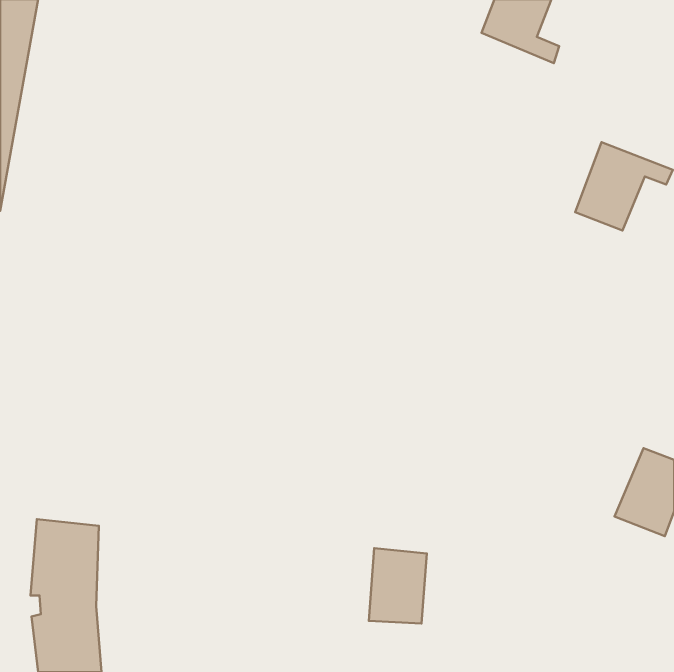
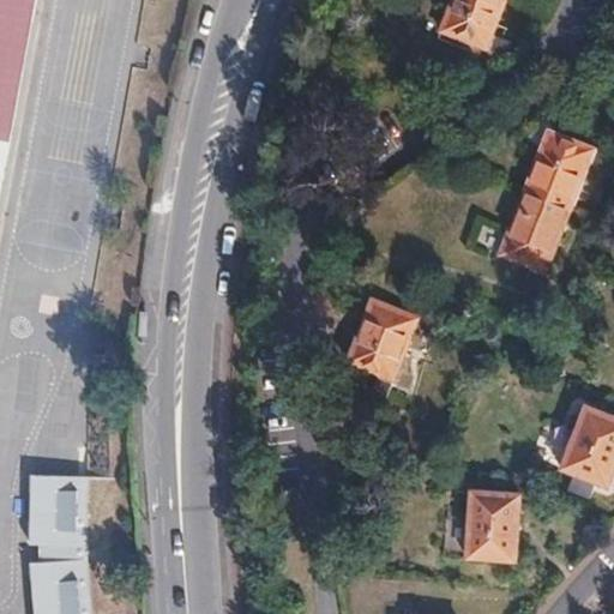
building: none -> [499,193,566,291]
building: none -> [345,300,415,398]
building: [369,548,427,623] -> [465,493,518,561]

